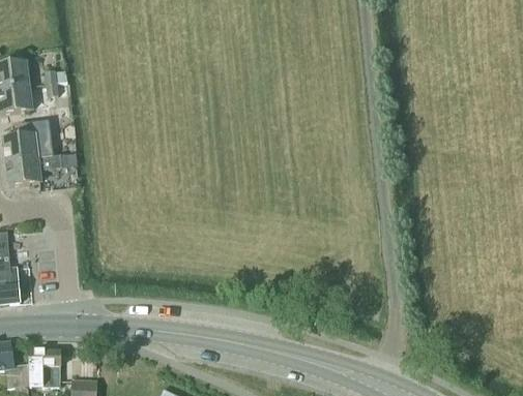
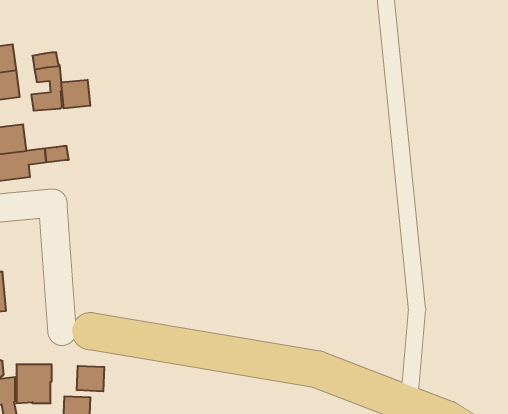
building: none -> [61,80,90,108]
building: none -> [77,366,104,391]

